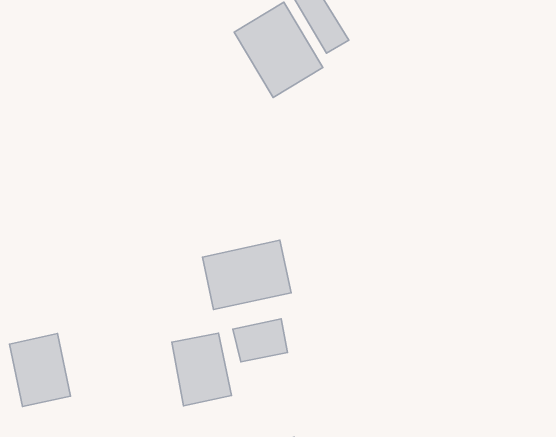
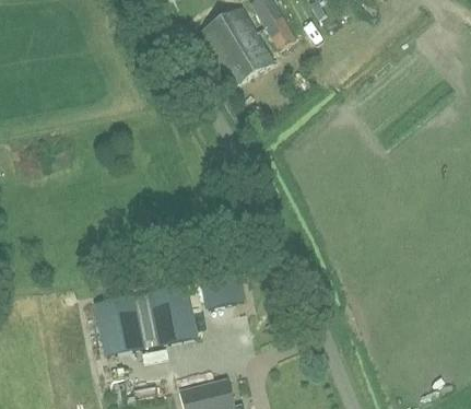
building: [202,240,291,309] -> none
building: [9,334,71,407] -> [93,294,144,355]

